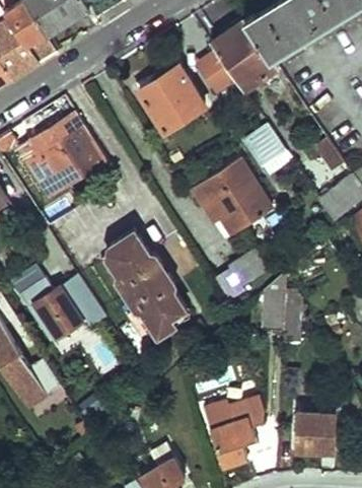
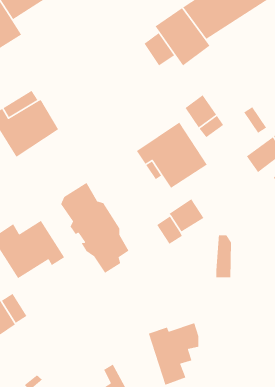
building: [139,67,210,140] -> none
building: [262,274,288,333] -> none
building: [294,410,338,456] -> none

